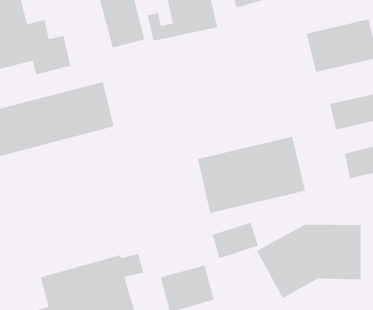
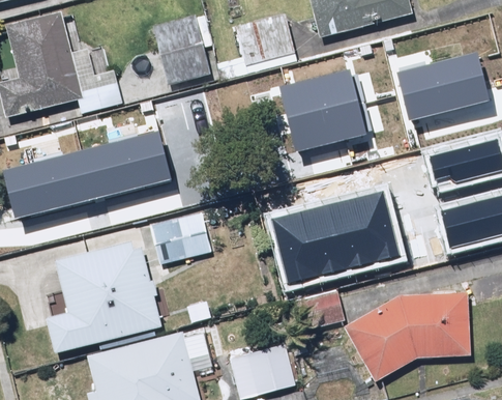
building: none -> [280,66,371,148]
building: none -> [147,212,211,265]
building: none -> [47,242,163,354]

